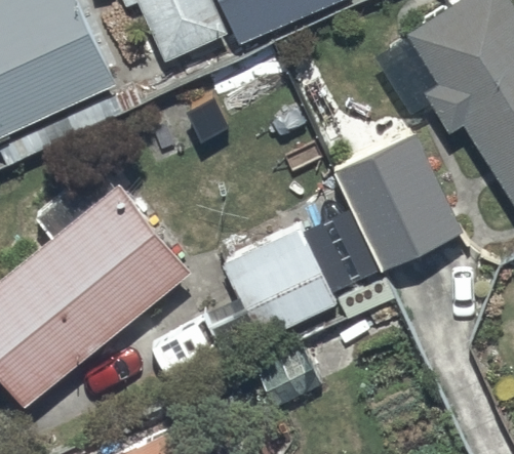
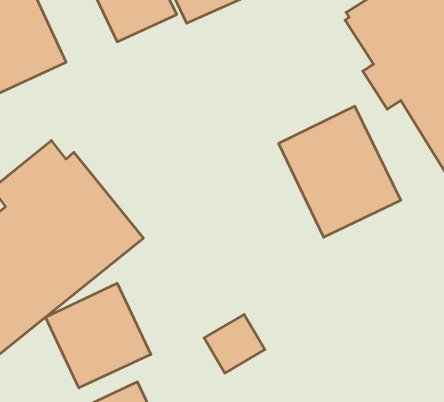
building: [204,226,338,356] -> none
building: none -> [46,283,151,388]

